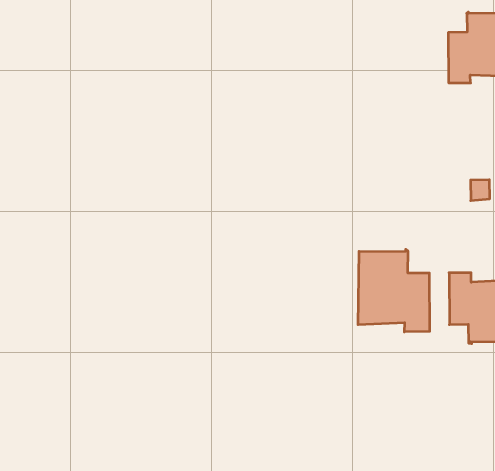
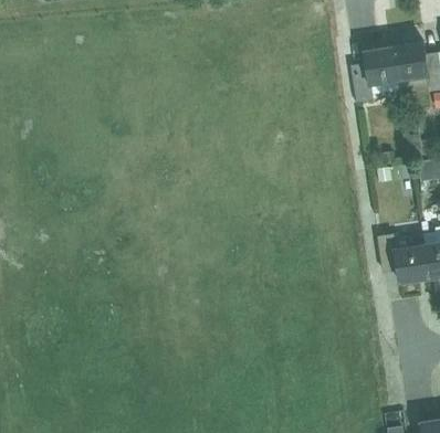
building: [358,249,430,332] -> none

